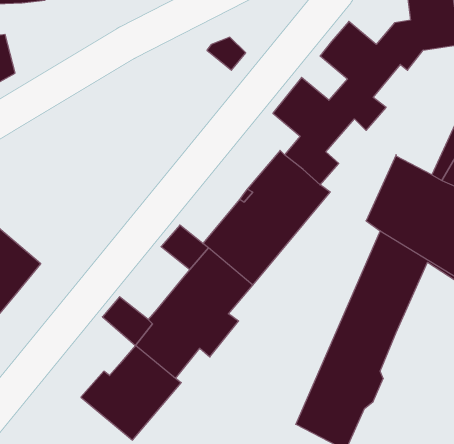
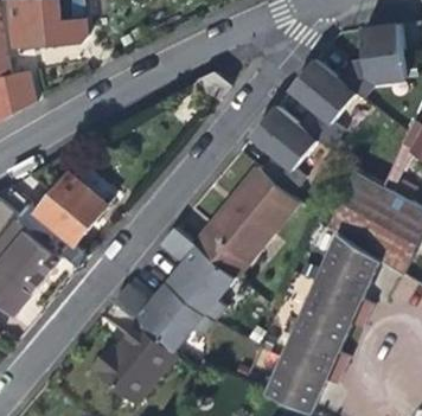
building: none -> [36,172,107,243]

